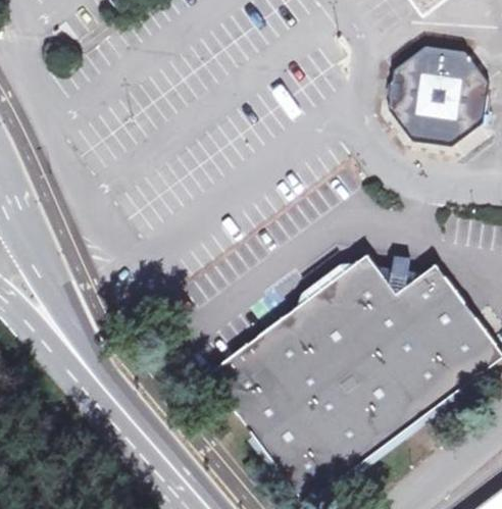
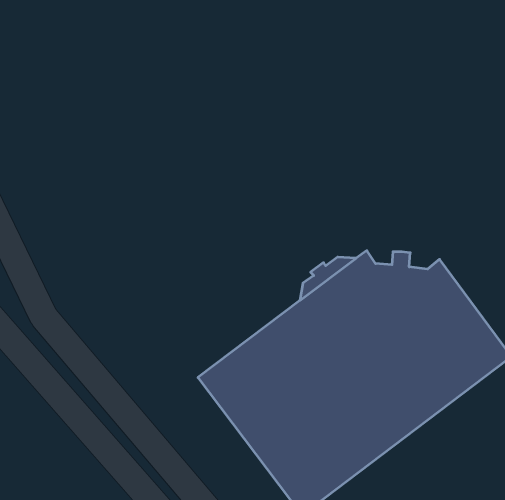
building: [385,45,492,143] -> none

